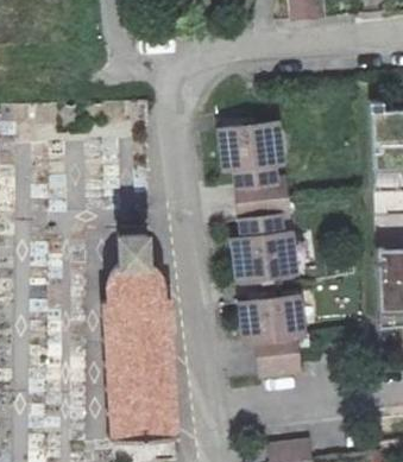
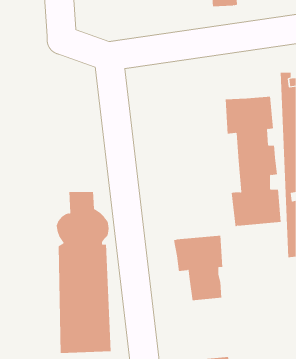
building: [231,119,300,278] -> [225,96,282,227]

